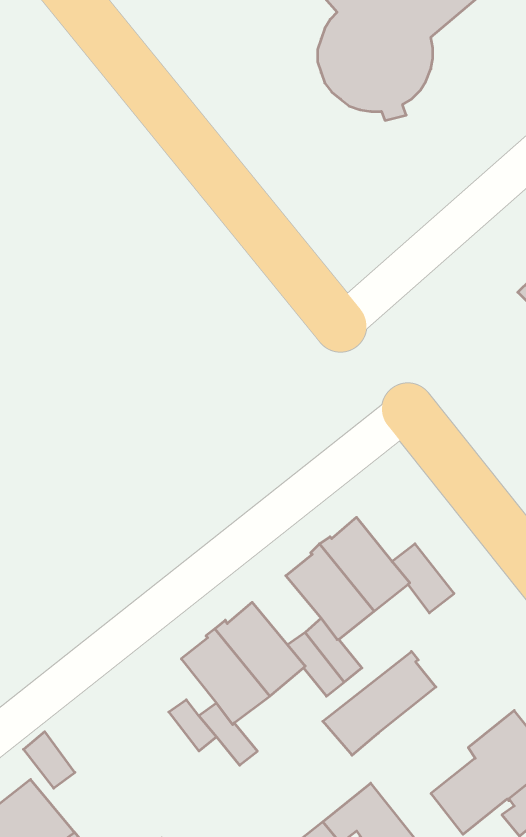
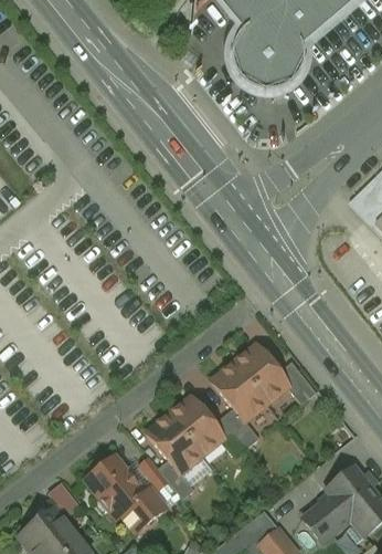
building: [323,651,436,755] -> none
building: none -> [85,457,165,532]

